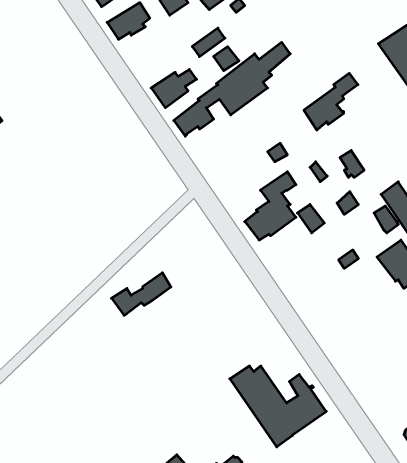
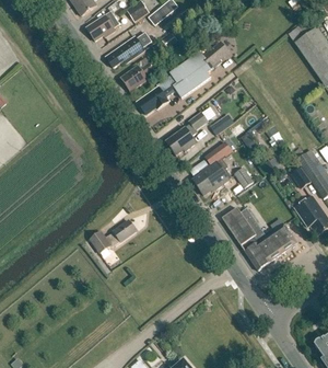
building: none -> [108,36,149,67]
building: [304,73,358,130] -> [166,112,208,156]
building: [230,366,326,447] -> [222,207,296,269]

